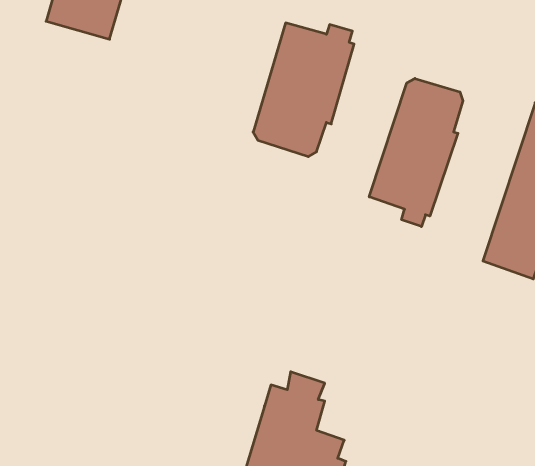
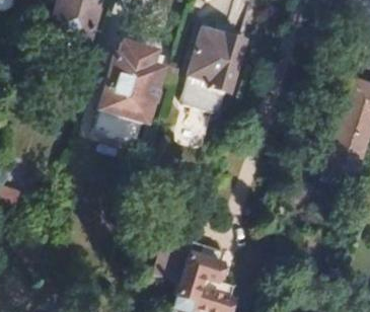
building: none -> [96,41,162,144]
building: [369,78,463,227] -> none

